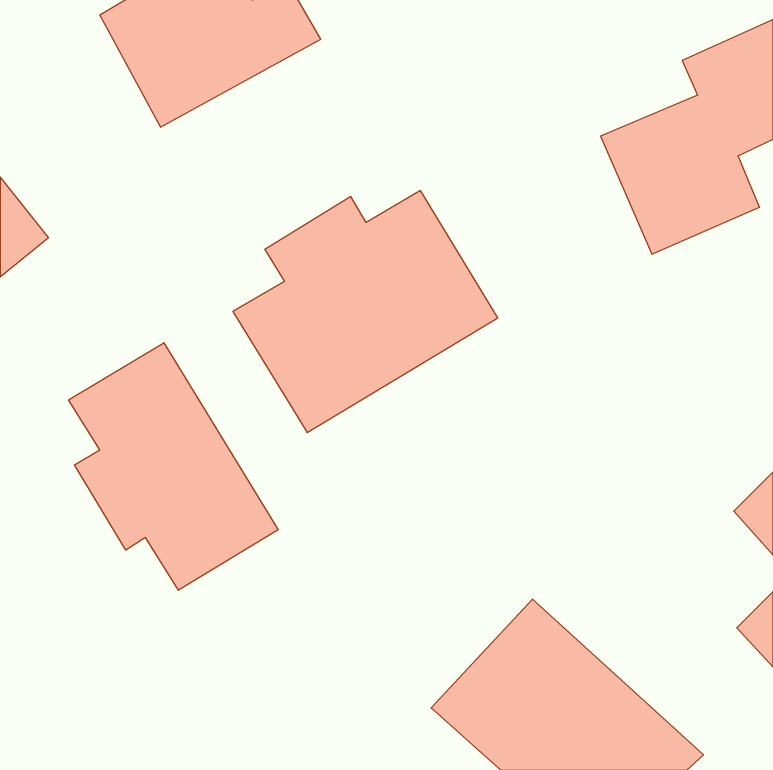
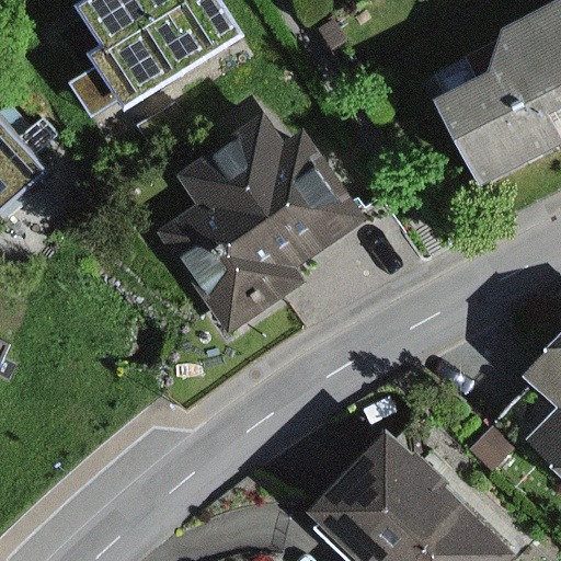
building: [69,343,278,590] -> none

